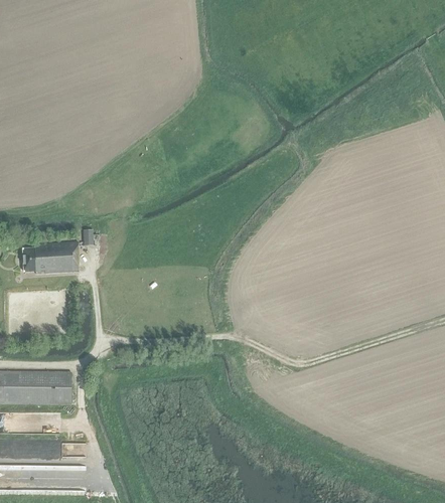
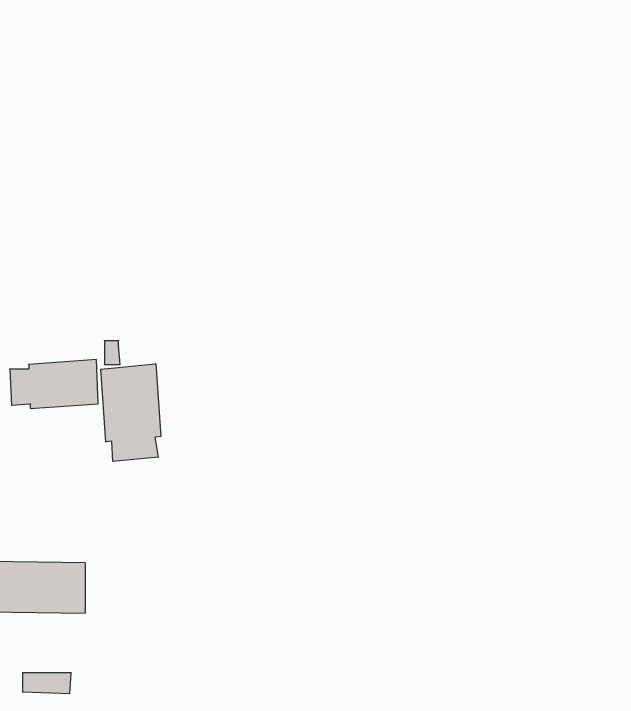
building: none -> [101,364,161,461]

